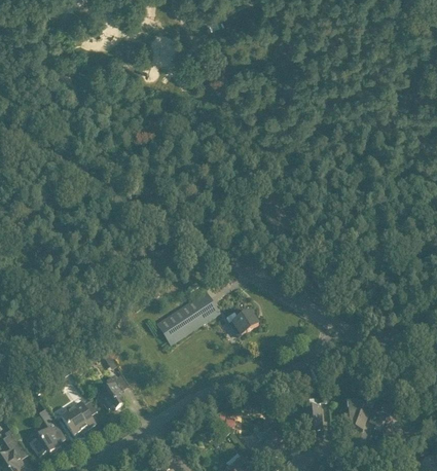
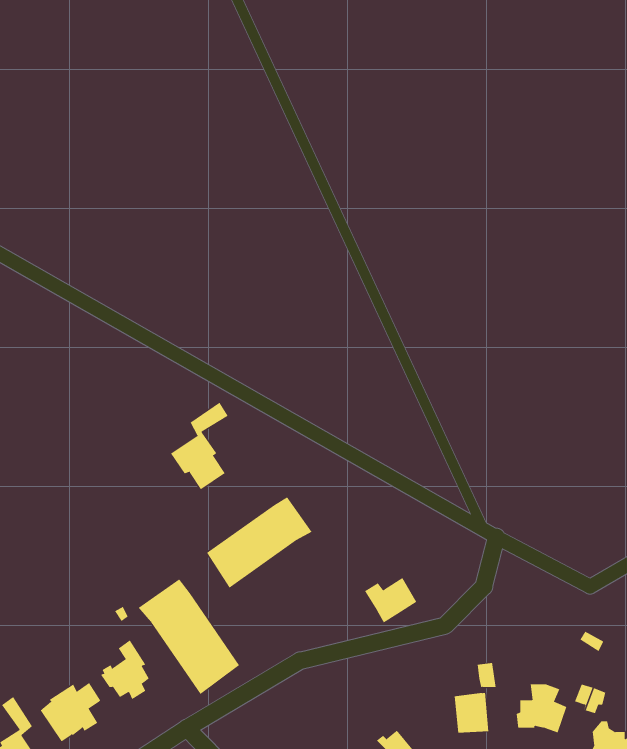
building: none -> [170,402,229,490]
building: [226,309,257,335] -> [364,577,417,623]
building: none -> [138,579,240,695]

